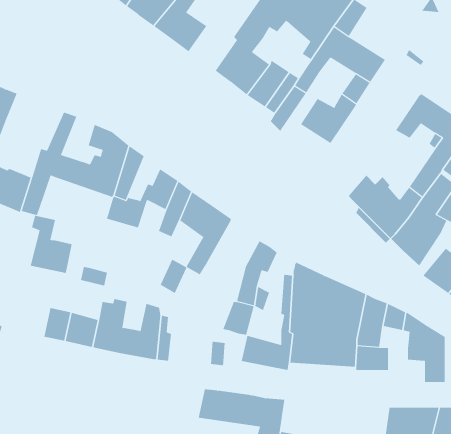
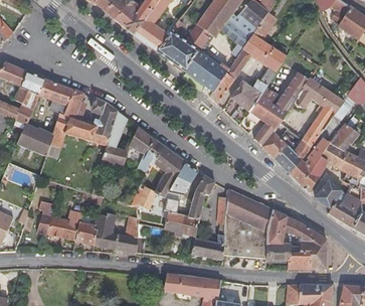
building: none -> [157,20,188,62]
building: none -> [250,71,310,145]
building: none -> [37,78,74,115]
building: [30,215,73,273] -> [37,199,65,238]
building: none -> [168,161,197,195]
building: none -> [162,196,186,233]
building: none -> [288,253,312,270]

